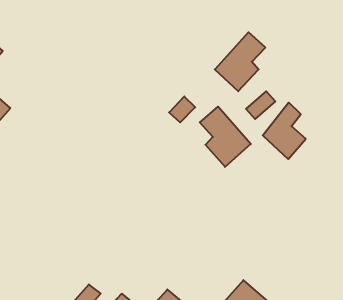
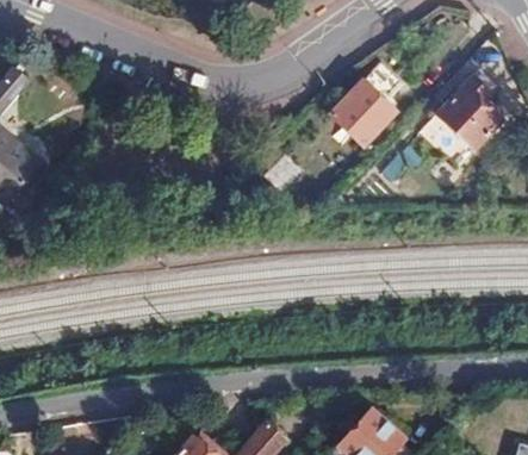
building: [263,103,306,159] -> [440,70,501,150]
building: [200,107,251,167] -> none

